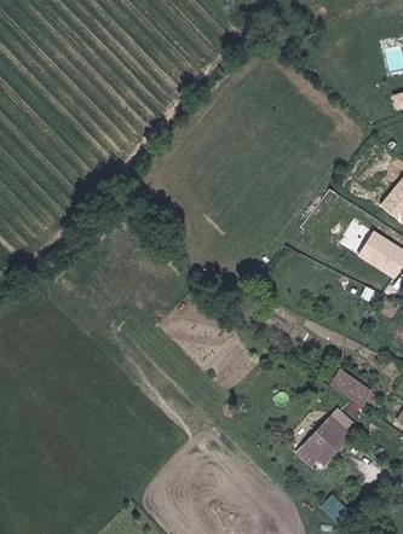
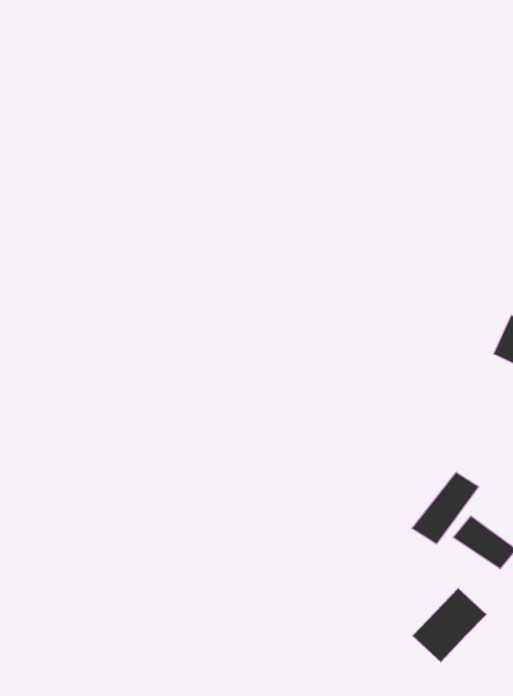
building: none -> [412,472,479,544]

